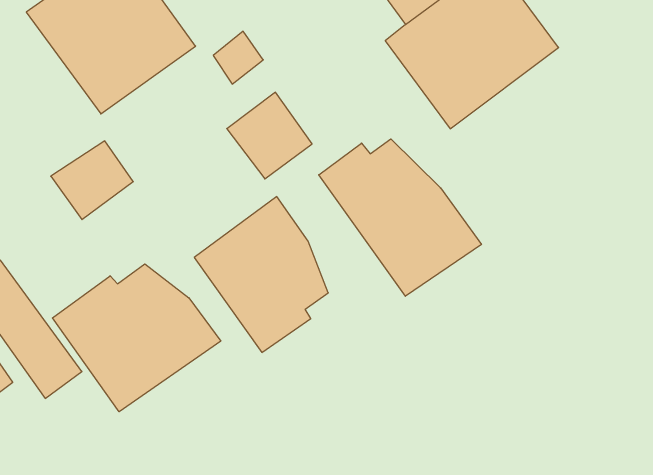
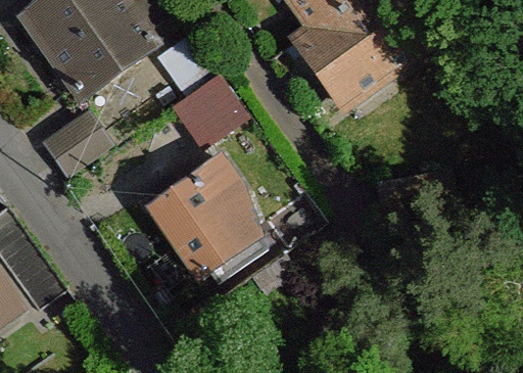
building: [319,139,481,296] -> none
building: [52,264,221,412] -> none

